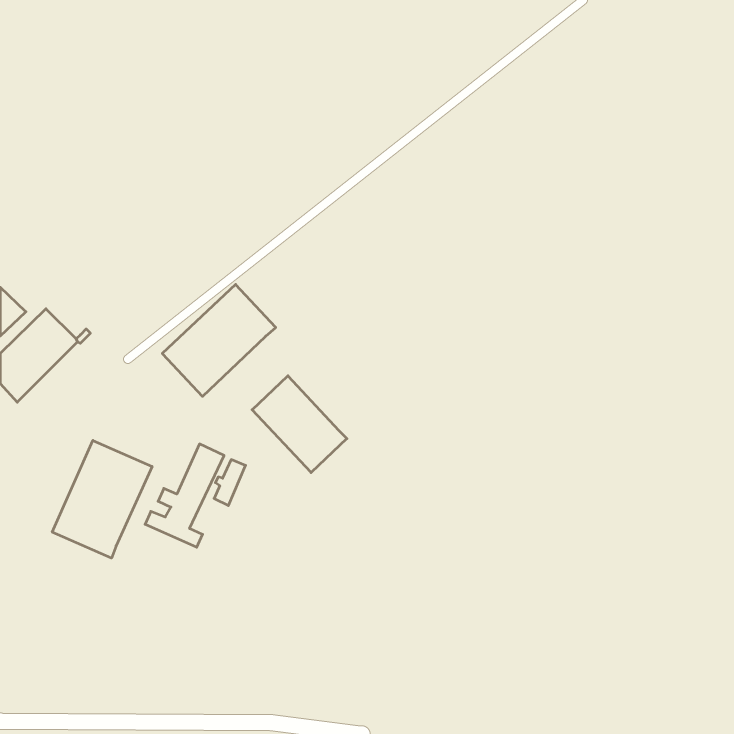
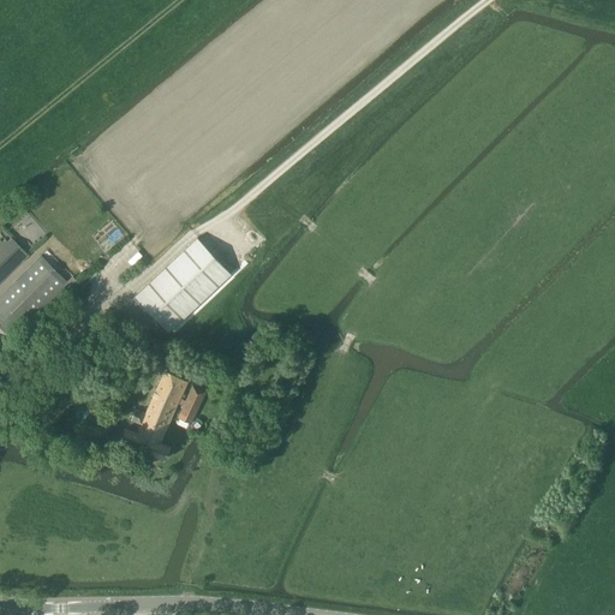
building: [252,376,347,473] -> none
building: [52,440,152,558] -> none

